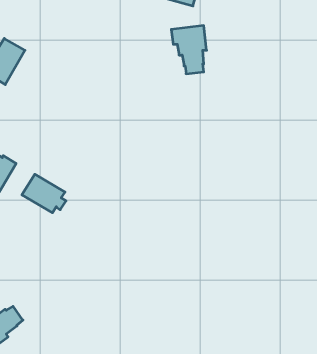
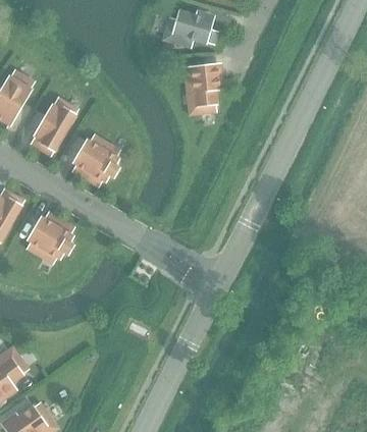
building: none -> [34,104,75,150]
building: none -> [73,140,119,180]

